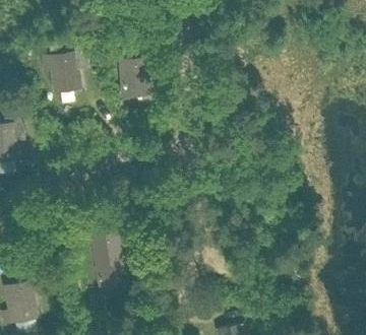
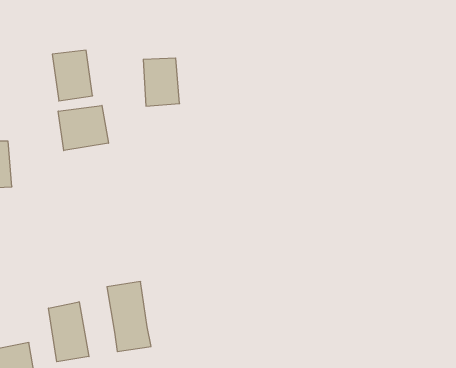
building: none -> [58,105,108,151]
building: none -> [49,302,89,362]

